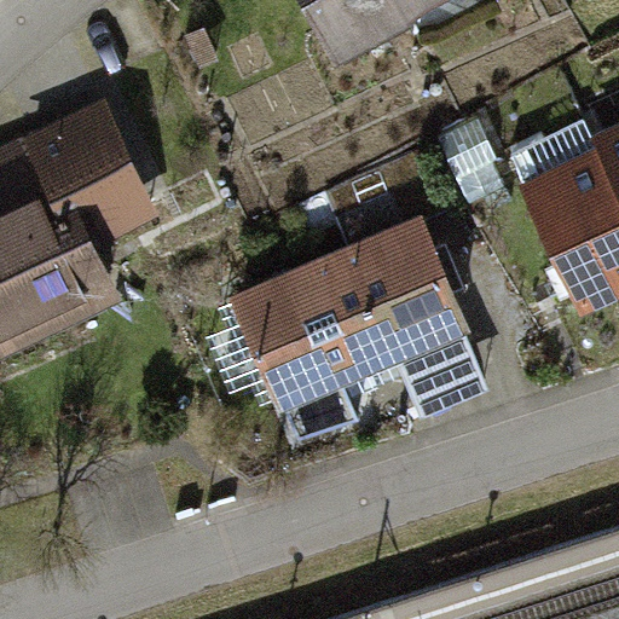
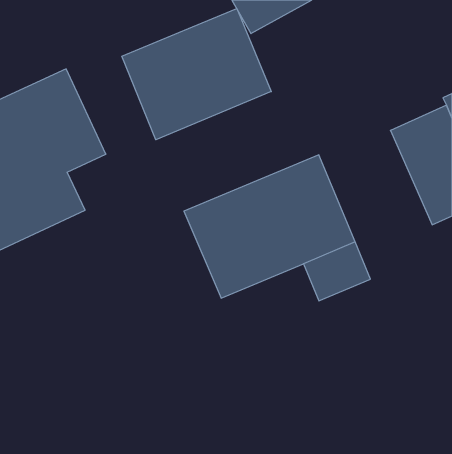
building: none -> [122,9,271,140]

